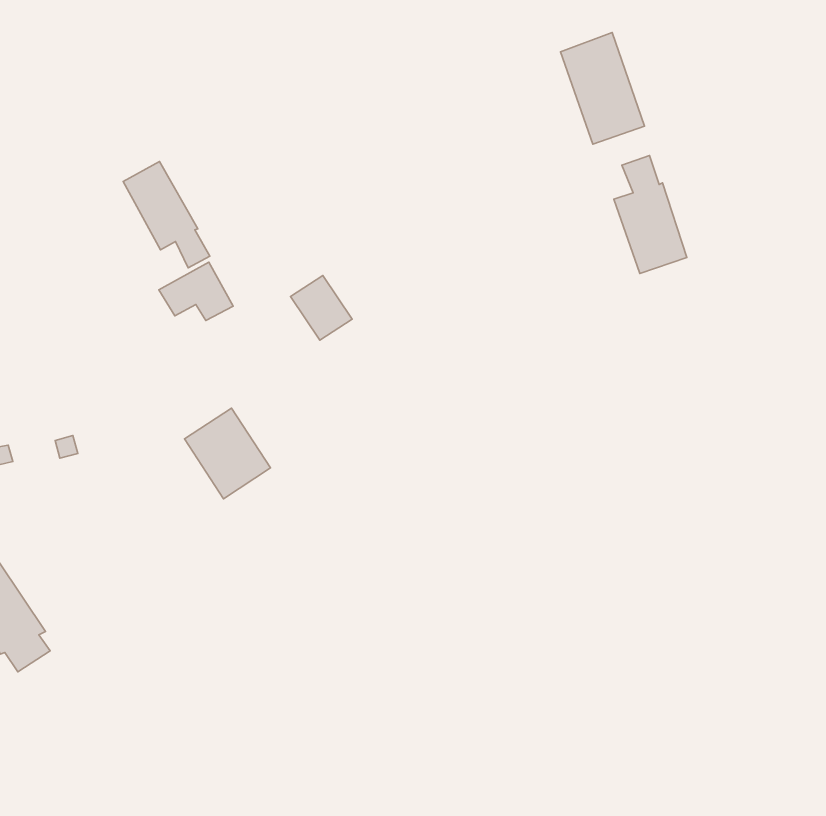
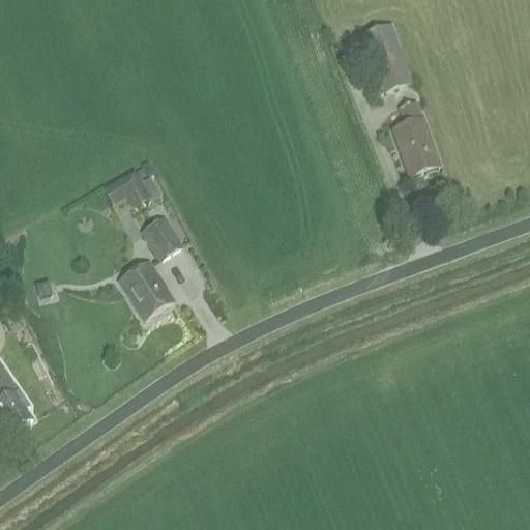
building: [123,161,210,268] -> none
building: [291,275,352,340] -> [142,217,181,259]

